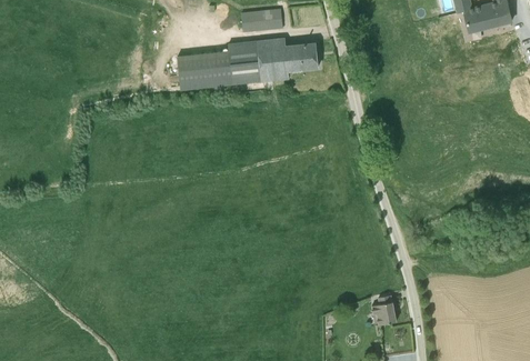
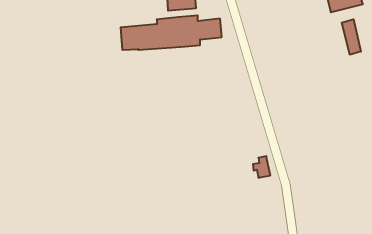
building: none -> [342,19,361,55]
building: [372,294,397,324] -> [253,156,270,178]

